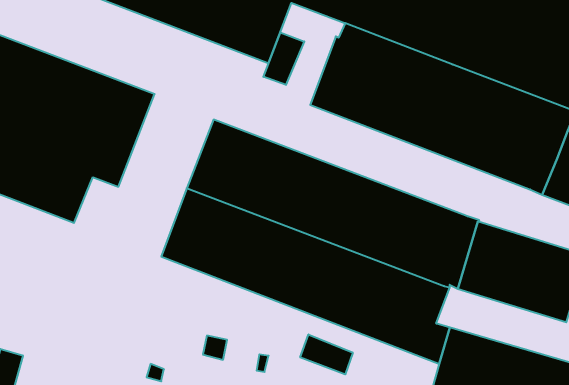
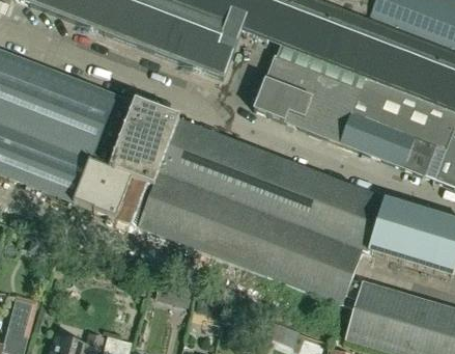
building: [263,33,304,85] -> none
building: none -> [72,99,179,224]
building: [300,334,353,374] -> none

